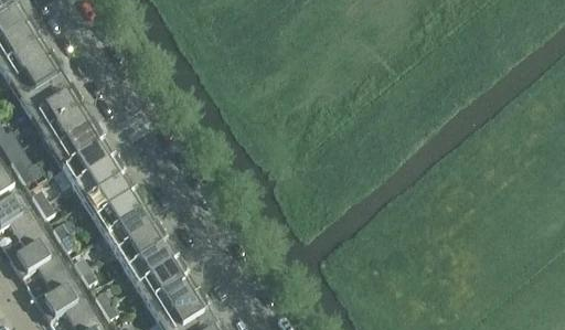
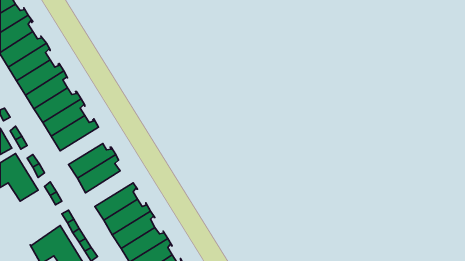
building: [73,158,125,203] -> none
building: [104,211,161,254] -> none
building: [9,234,73,291] -> none

